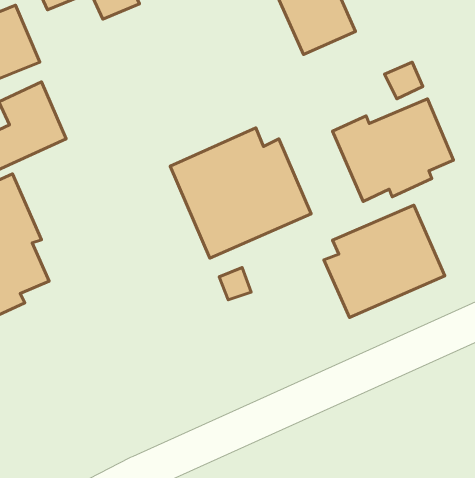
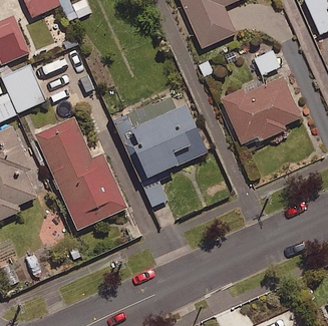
building: none -> [34,116,127,229]
building: [324,205,445,317] -> none

